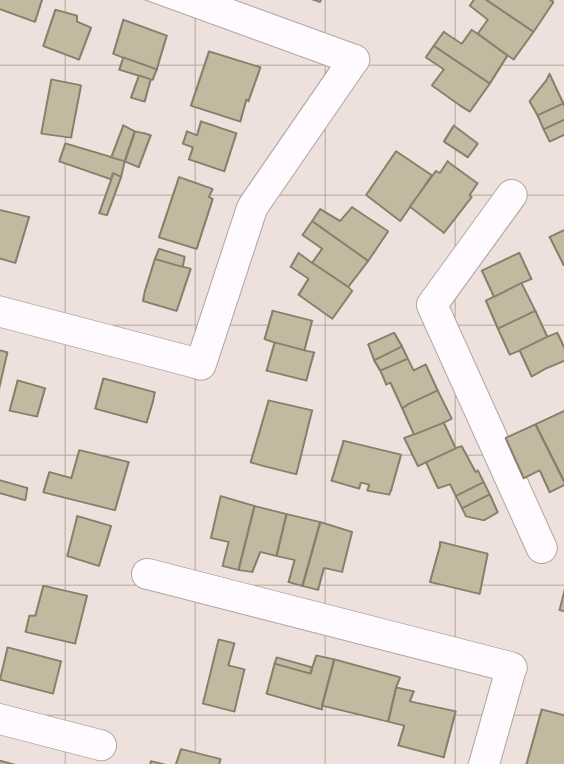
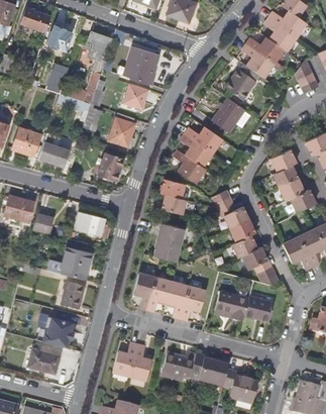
building: [410,161,478,233] -> [225,64,259,100]
building: none -> [37,132,70,168]
building: [331,441,401,495] -> [214,291,249,318]
building: none -> [112,343,137,378]

